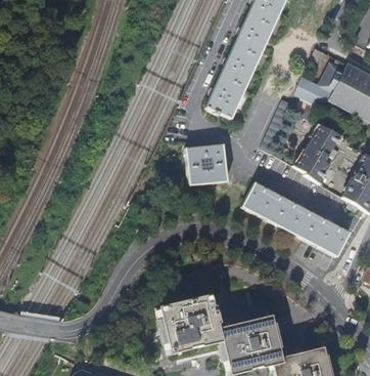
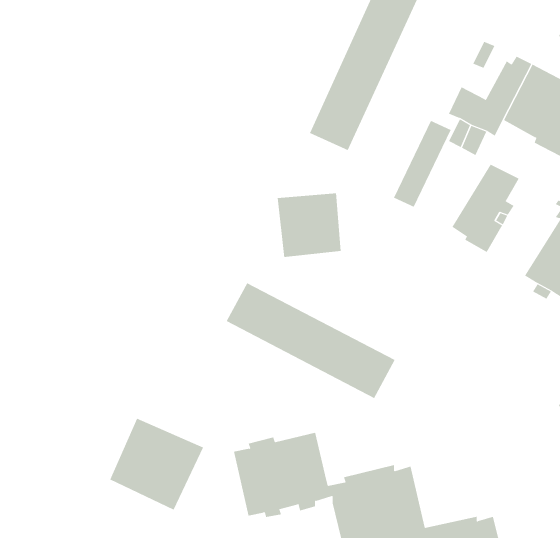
building: [243,181,351,255] -> [226,282,395,399]
building: none -> [110,418,204,510]

